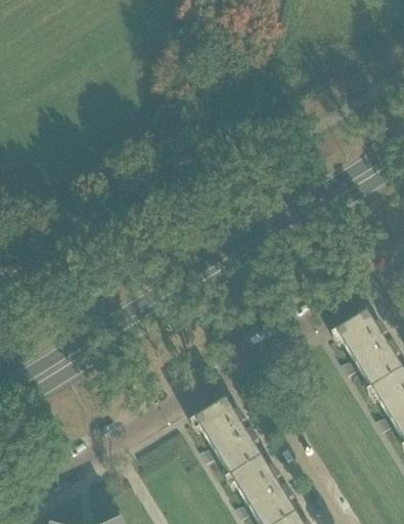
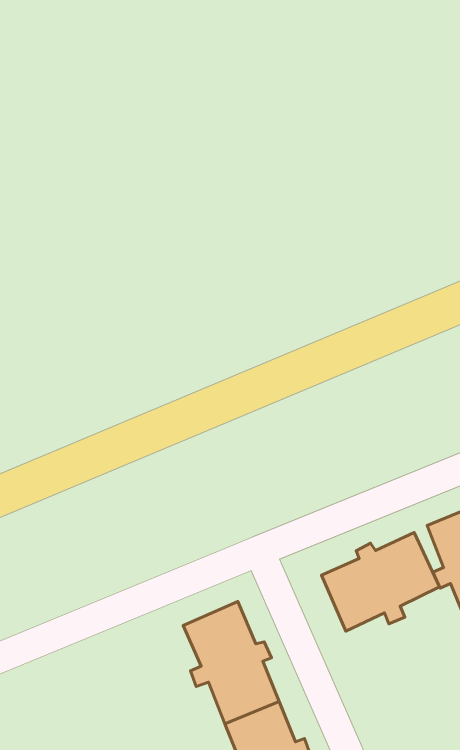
building: none -> [321,532,439,631]

